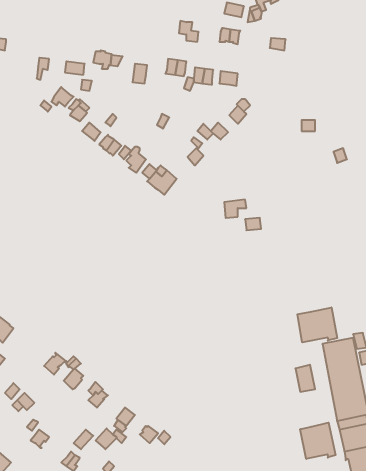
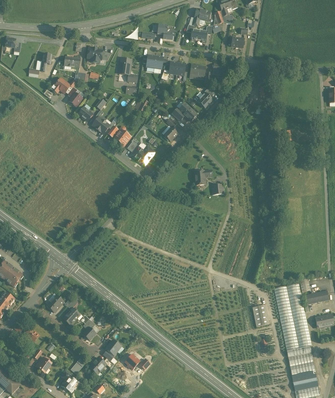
building: [297,307,337,342] -> none
building: [300,423,336,459] -> none

